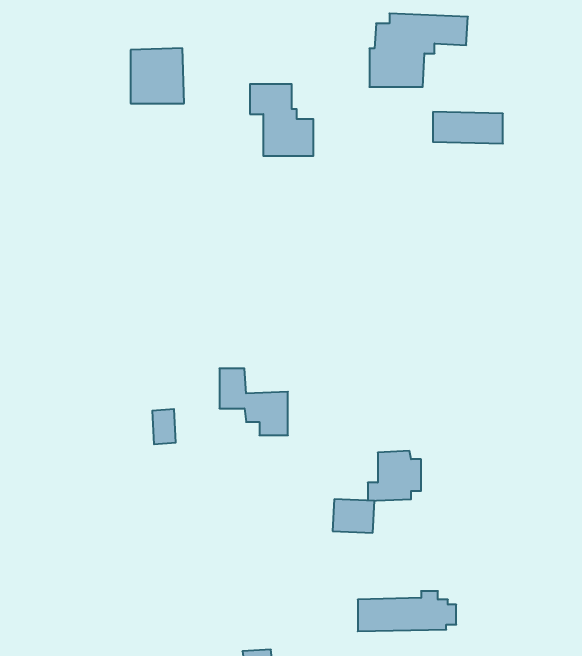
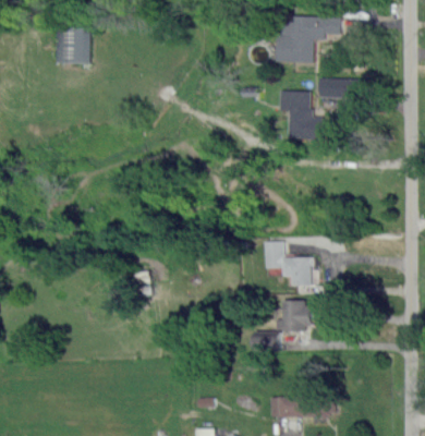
building: [131,48,184,103] -> [53,28,88,64]
building: [250,84,313,156] -> [281,94,323,141]
building: [219,368,288,435] -> [265,242,309,286]

